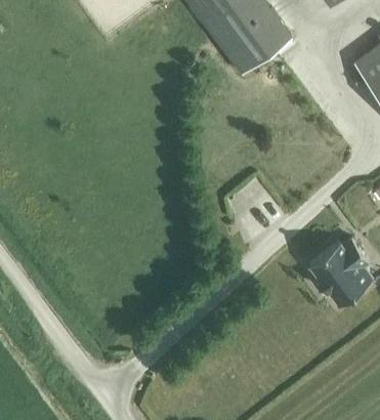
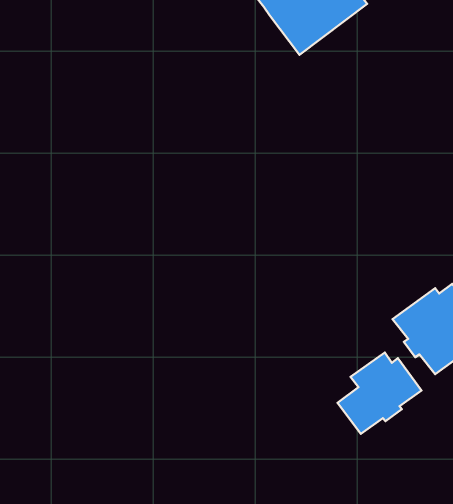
building: none -> [338,353,422,434]

